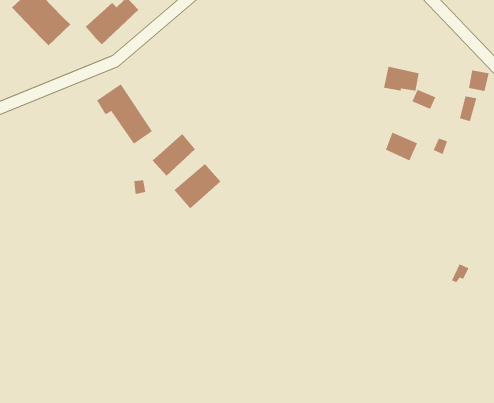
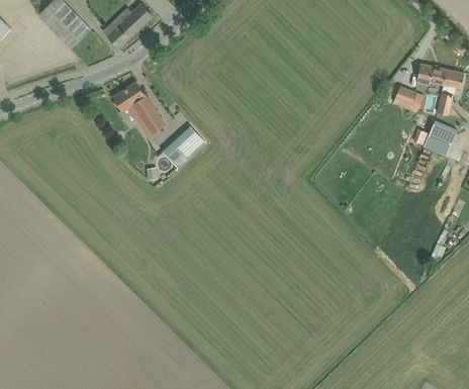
building: [383,66,420,91] -> [415,64,448,86]
building: [385,132,418,161] -> [428,120,457,147]
building: [174,163,221,209] -> none

